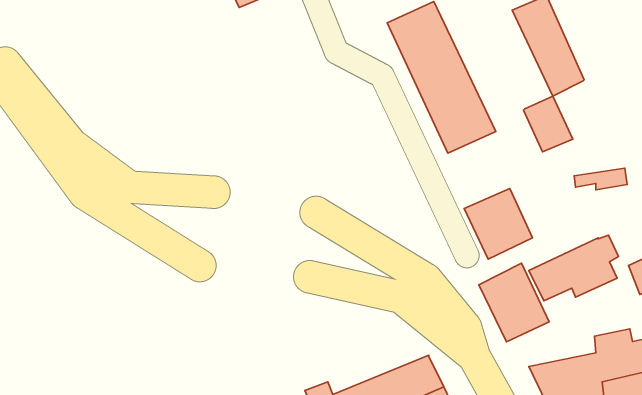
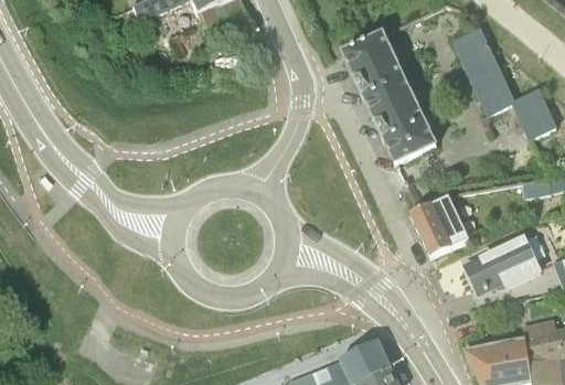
building: [524,96,573,152] -> [512,88,555,137]
building: [479,263,549,342] -> none

